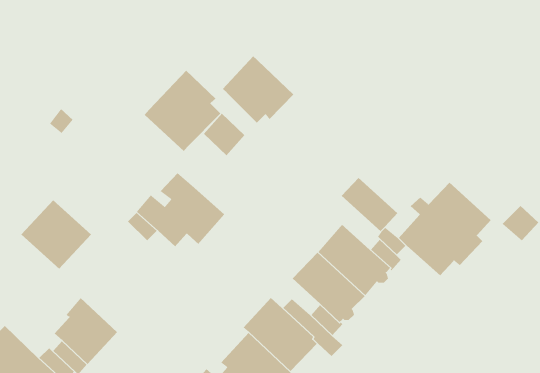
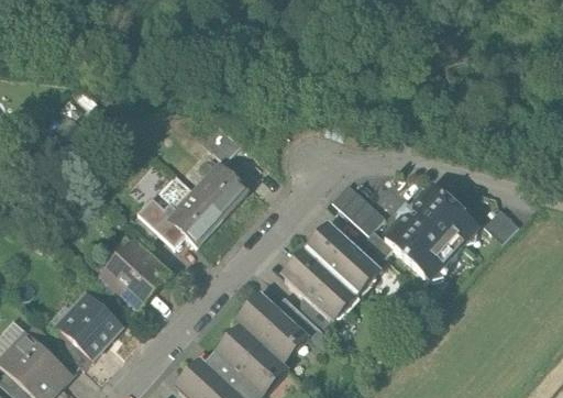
building: [222,55,294,123] -> none
building: [144,70,221,152] -> none
building: none -> [192,164,246,217]
building: [21,199,92,269] -> [101,242,168,308]

